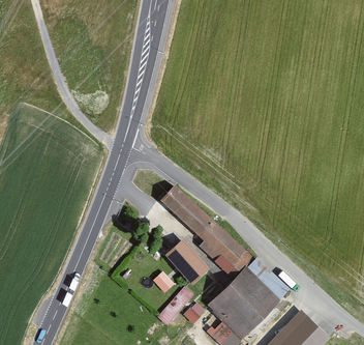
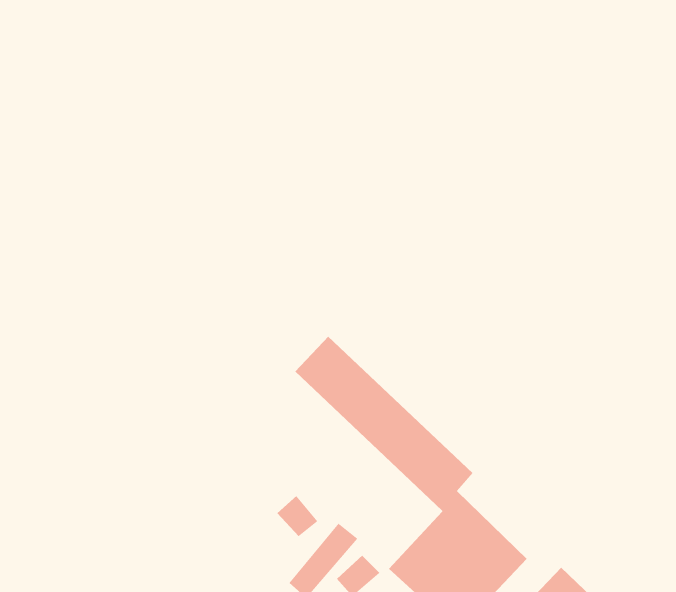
building: [166,241,209,285] -> none

